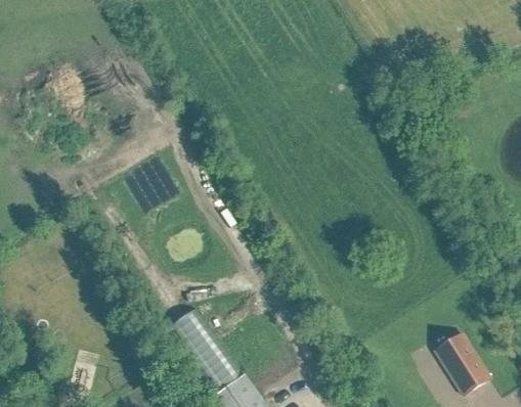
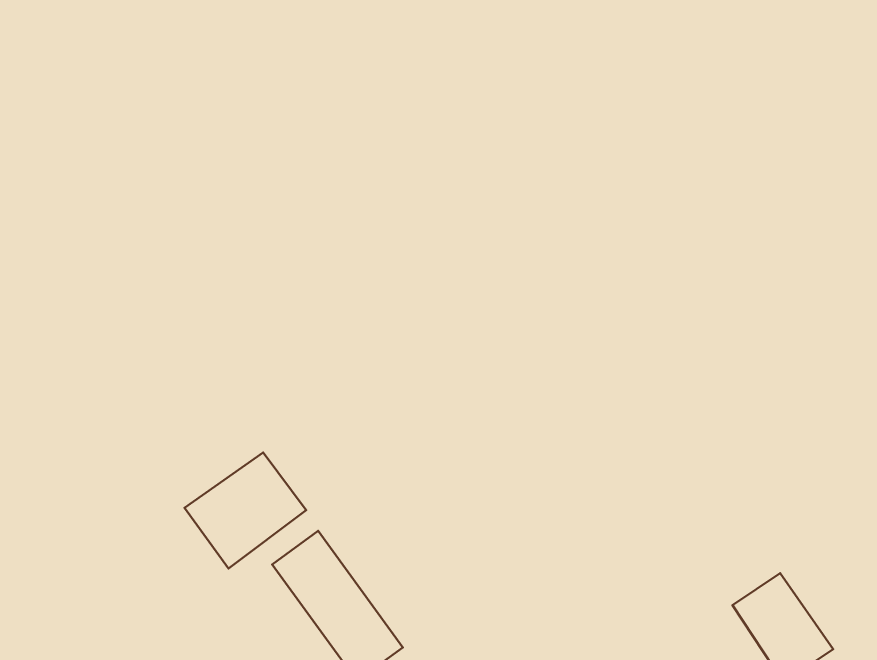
building: none -> [184,452,306,569]

